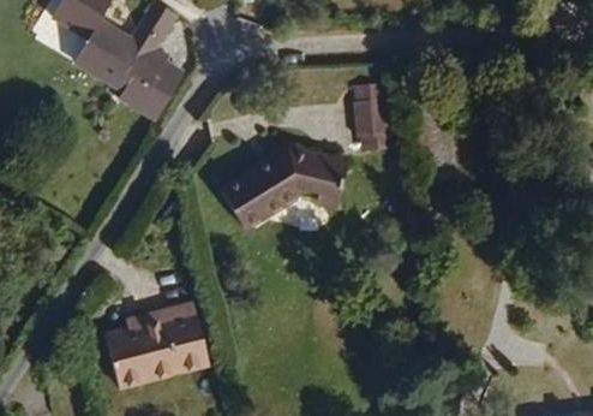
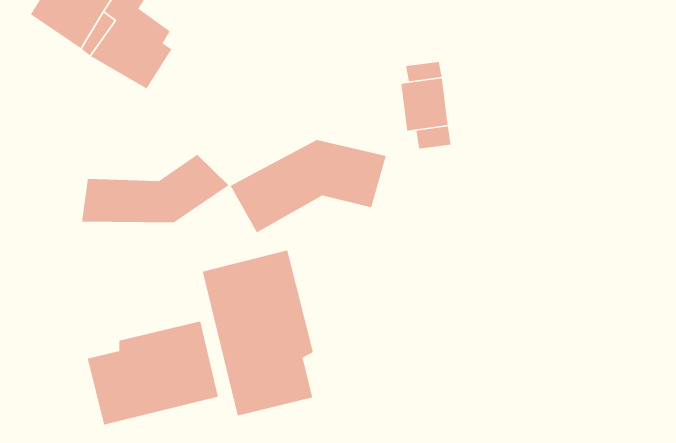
building: none -> [81,154,229,223]
building: none -> [202,249,314,416]

